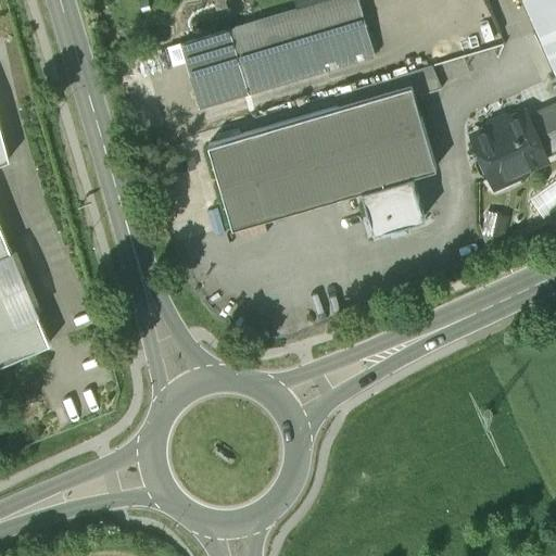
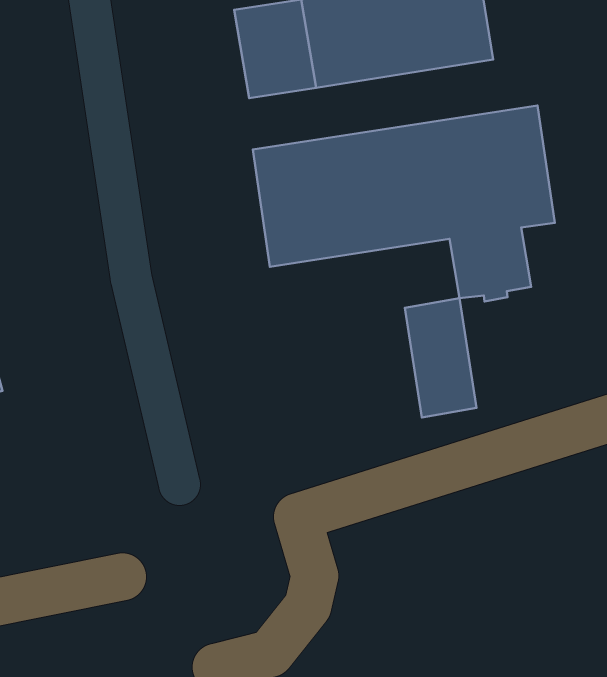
building: none -> [405,298,476,418]

